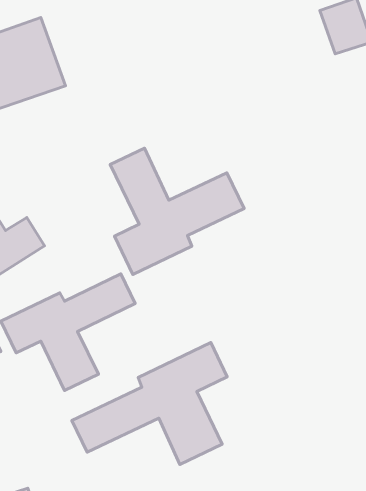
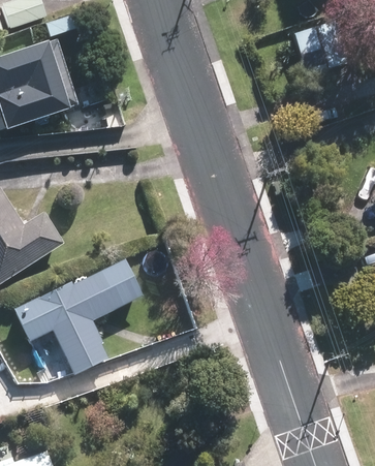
building: [110,148,244,275] -> none
building: [72,343,227,464] -> none

